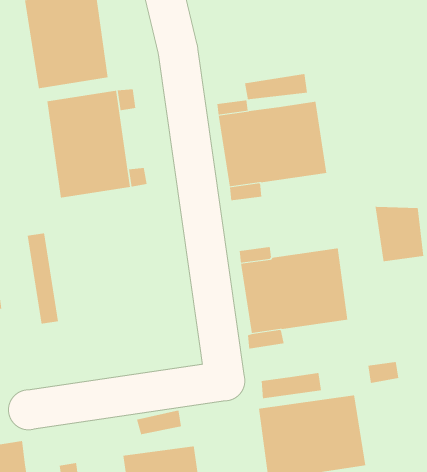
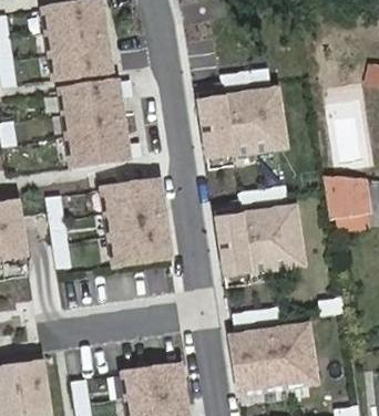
building: none -> [102,179,171,264]

